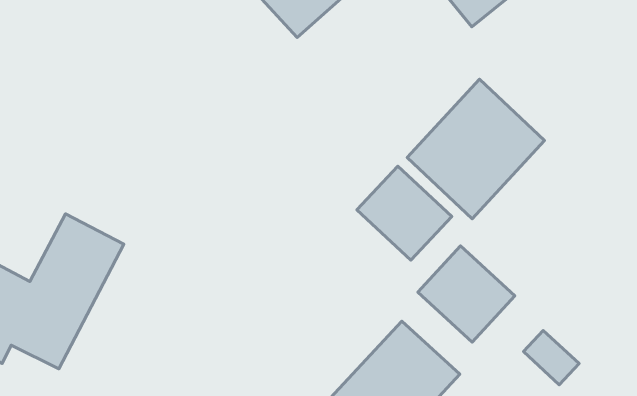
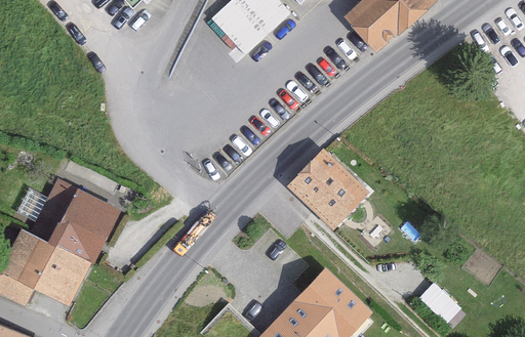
building: [407,79,545,219] -> none
building: [418,246,515,342] -> none

